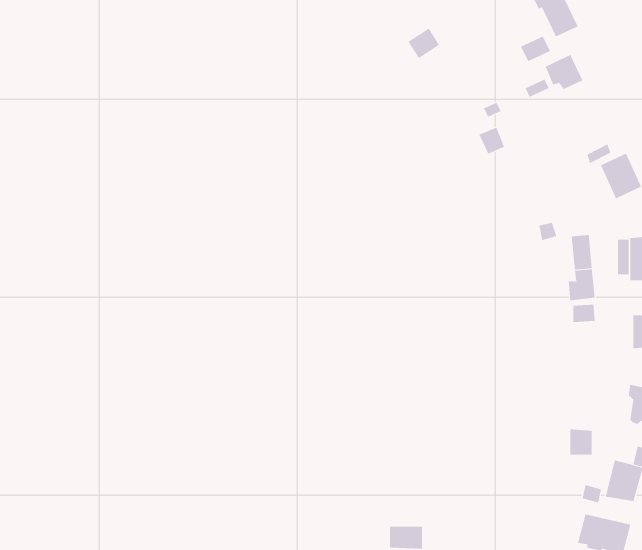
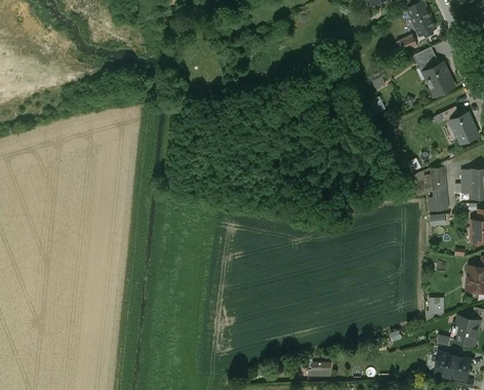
building: none -> [426,63,454,96]

